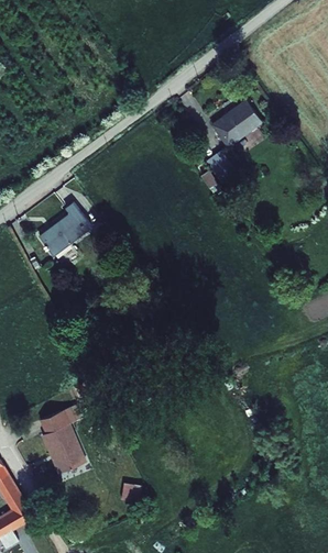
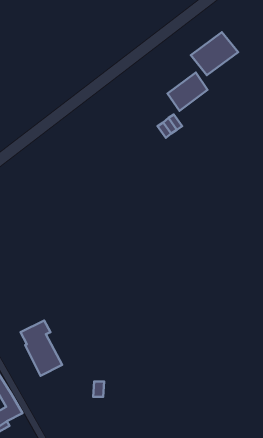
building: none -> [191,32,238,75]
building: [44,201,90,251] -> none

